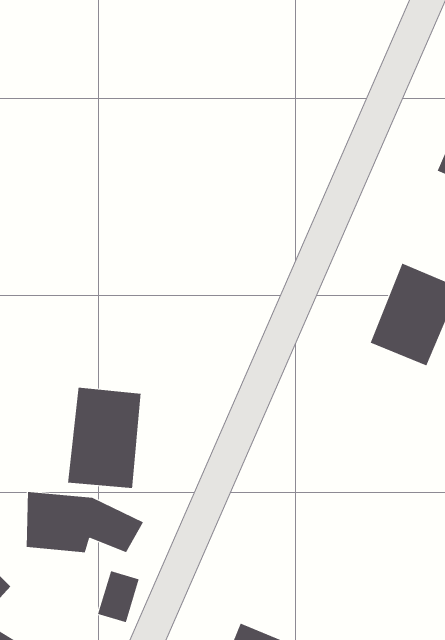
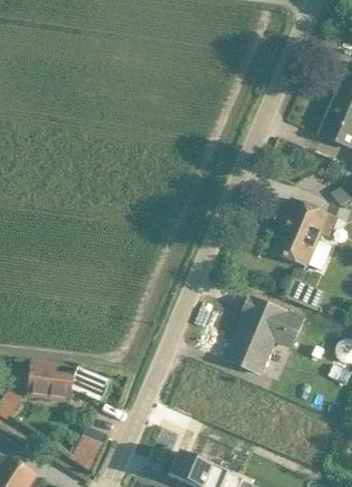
building: [68,387,141,489] -> none
building: none -> [223,295,308,375]

